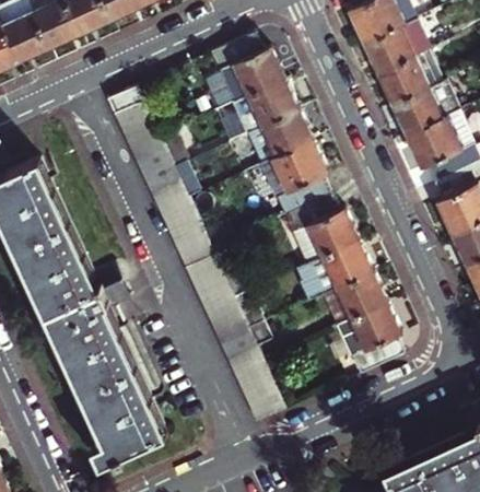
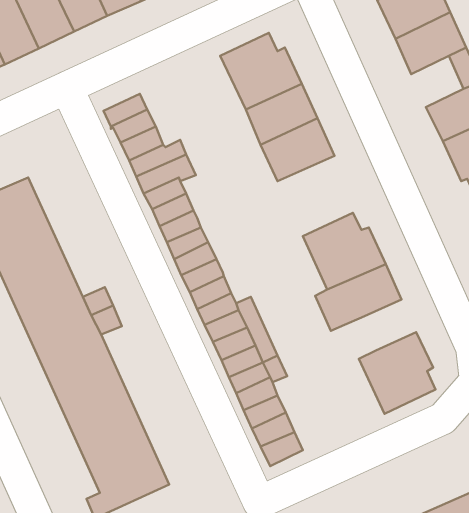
building: [382,58,429,104] -> none
building: [261,148,329,220] -> none
building: [321,277,386,330] -> none

